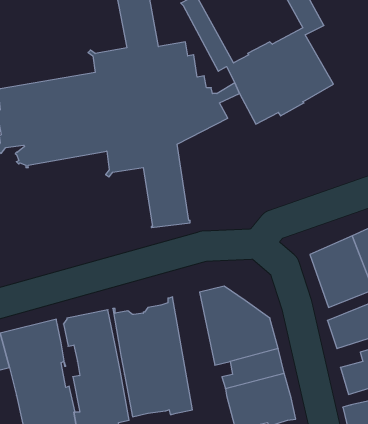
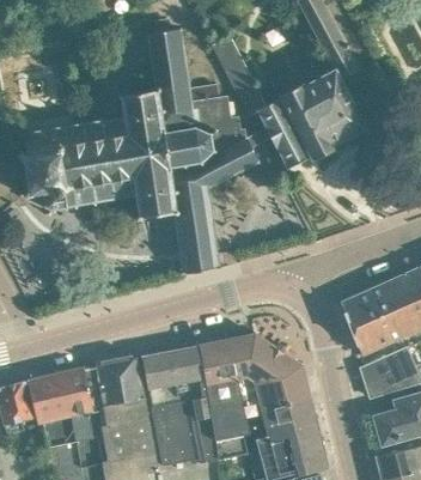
building: none -> [202,339,250,458]

